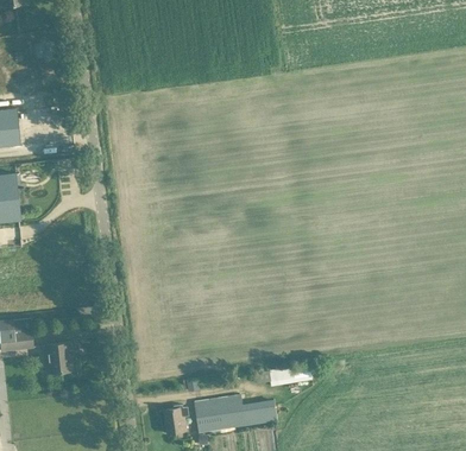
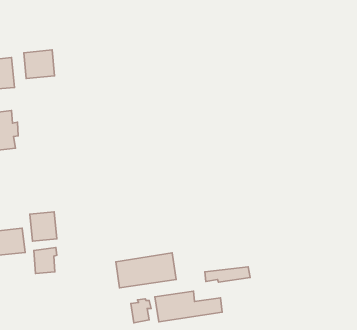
building: none -> [24,50,54,79]
building: none -> [30,212,57,241]
building: none -> [116,253,176,288]

